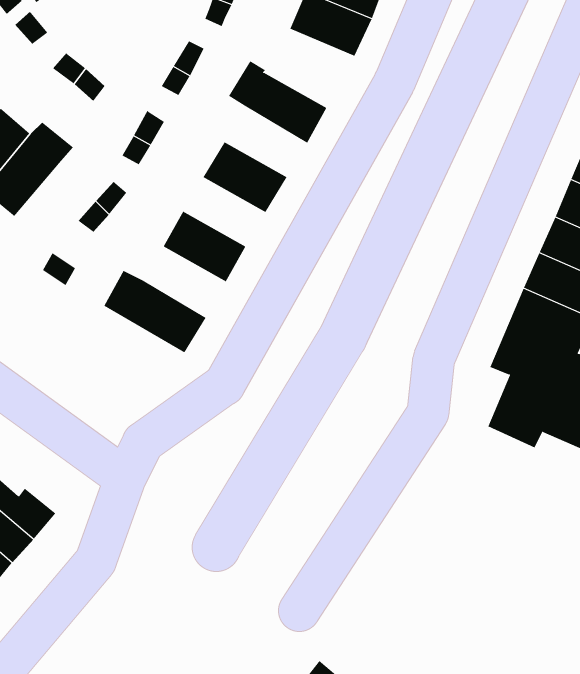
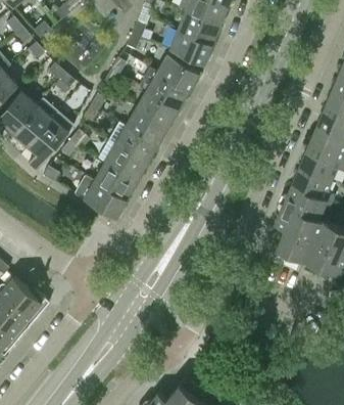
building: none -> [157,54,201,91]
building: none -> [137,90,180,127]
building: none -> [29,111,73,171]
building: none -> [115,127,158,163]
building: none -> [95,163,138,199]

